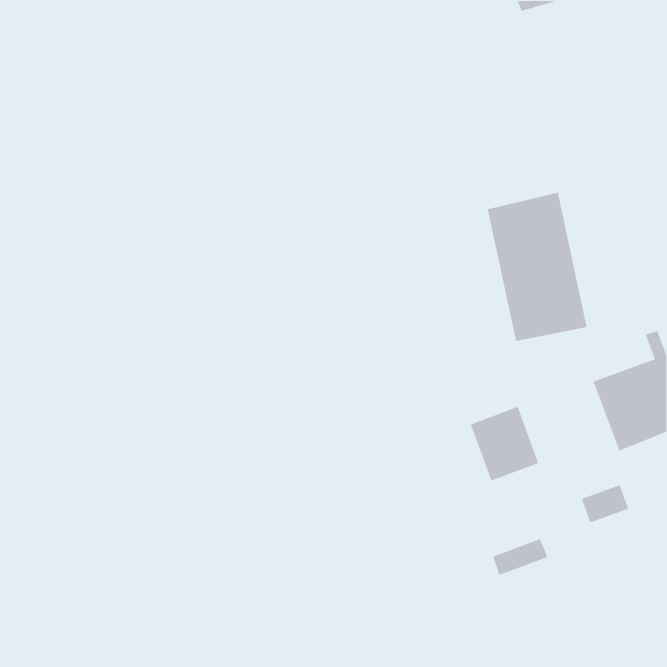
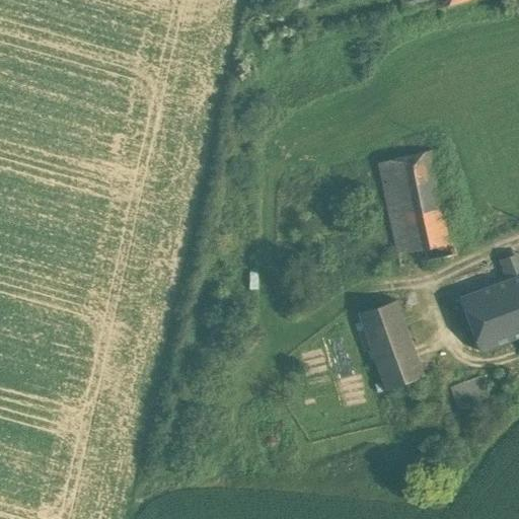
building: none -> [359,299,402,329]
building: [492,538,548,576] -> [381,360,425,389]

